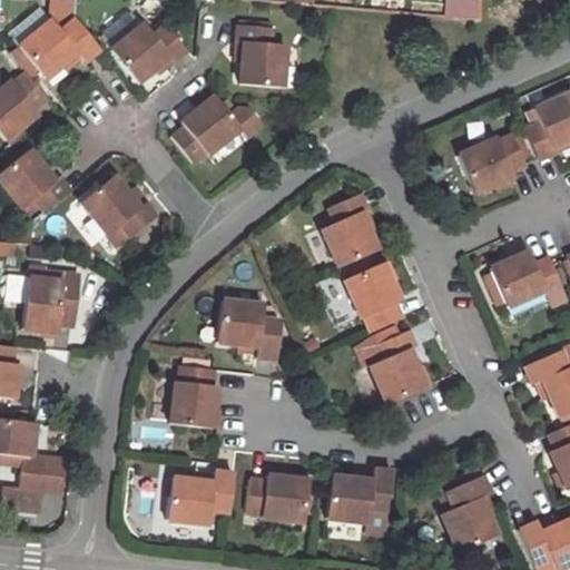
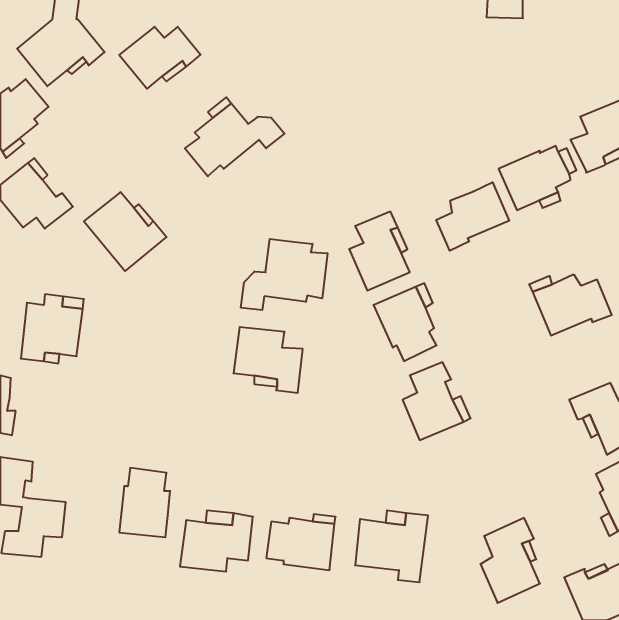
building: [237,26,285,87] -> none
building: none -> [436,182,509,251]
building: none -> [241,239,328,310]
building: [169,366,216,430] -> [119,468,170,537]

